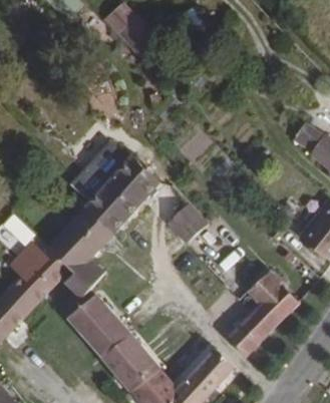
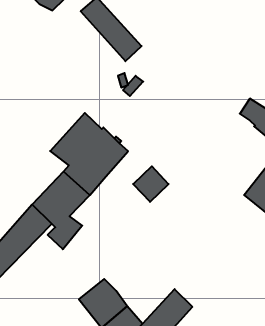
building: [230,265,301,358] -> none
building: [66,293,132,359] -> none

